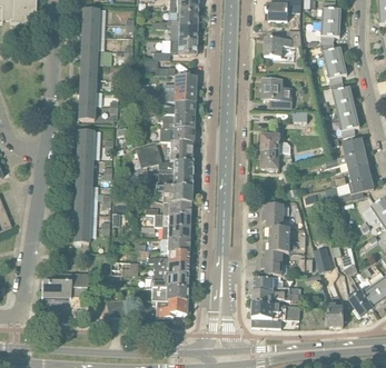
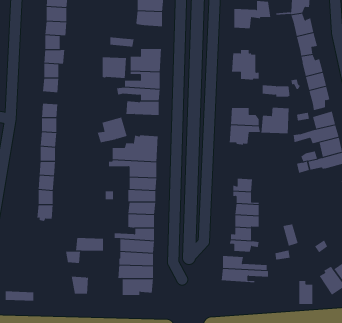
building: none -> [261,107,289,134]
building: [168,140,192,161] -> [102,57,127,78]
building: [41,271,88,298] -> none
building: [253,302,300,327] -> none

